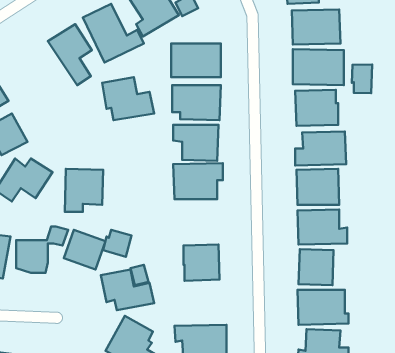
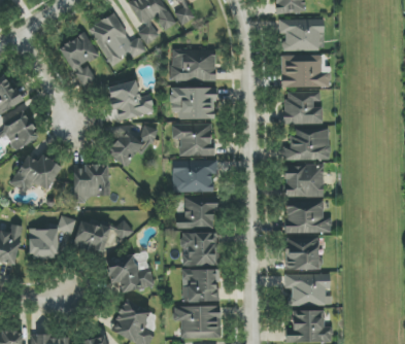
building: [352,65,372,93] -> none
building: none -> [107,123,157,169]
building: none -> [176,197,215,228]
building: none -> [182,270,217,302]

